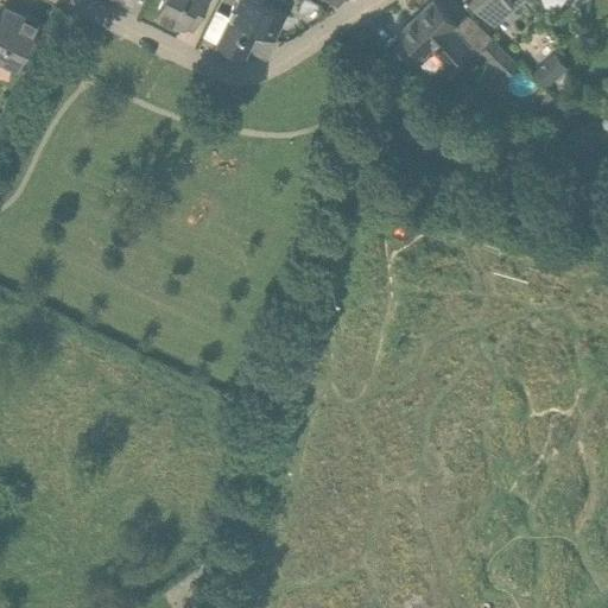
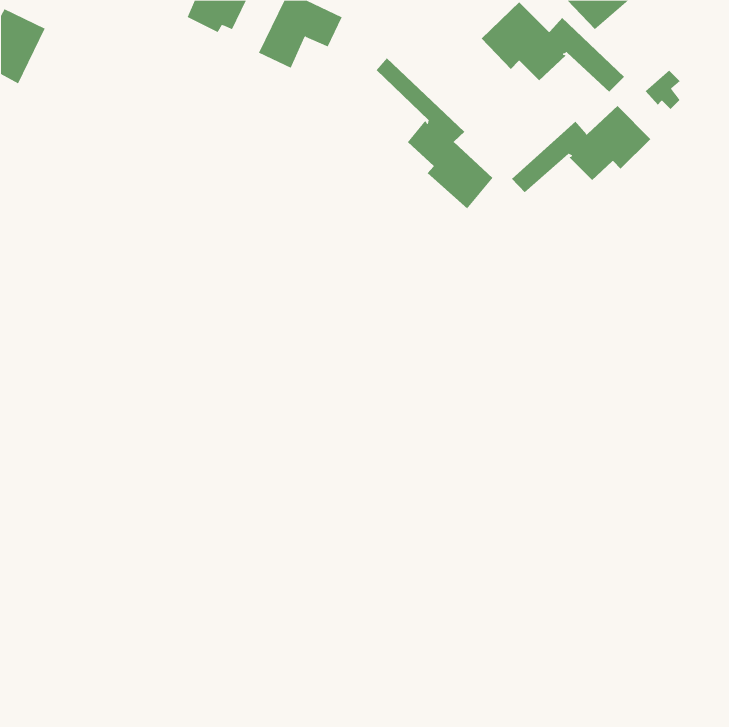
building: none -> [376,57,493,209]
building: none -> [511,105,651,193]

